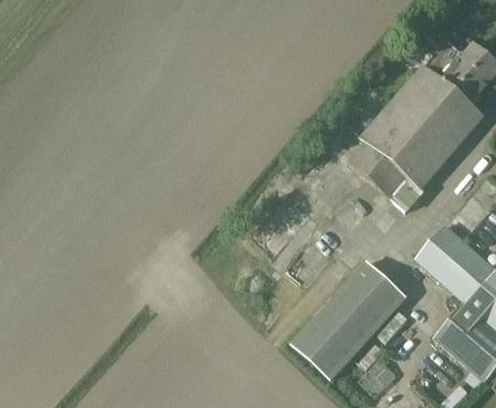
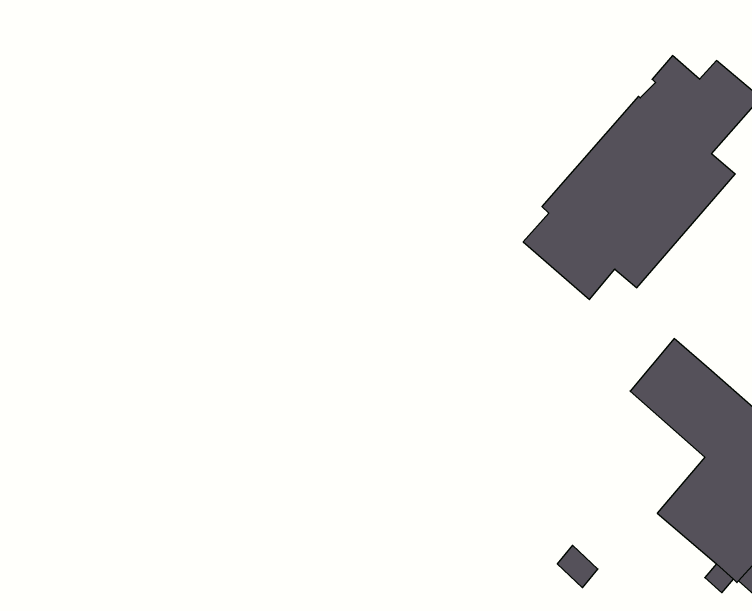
building: [291,261,405,379] -> none

